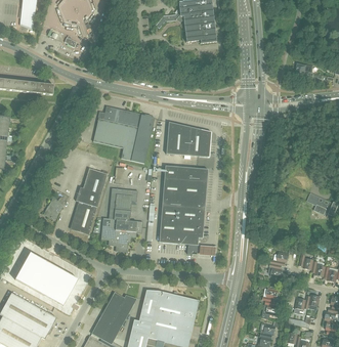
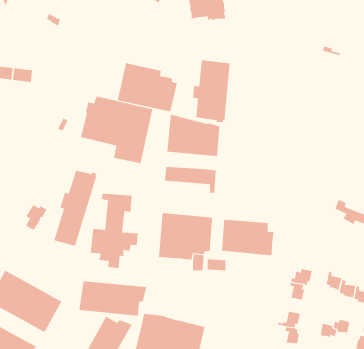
building: none -> [193,60,230,123]
building: none -> [117,62,177,112]
building: [162,177,207,208] -> [221,219,275,256]
building: none -> [79,281,147,317]

